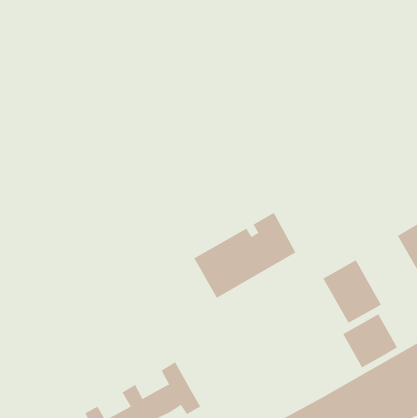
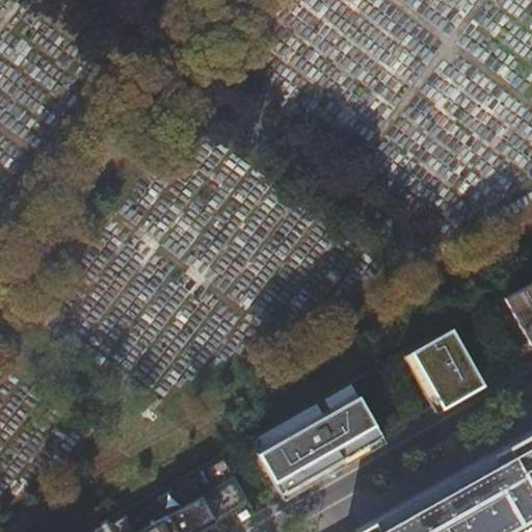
building: [194,212,296,299] -> [252,387,382,496]
building: [342,314,398,368] -> none

